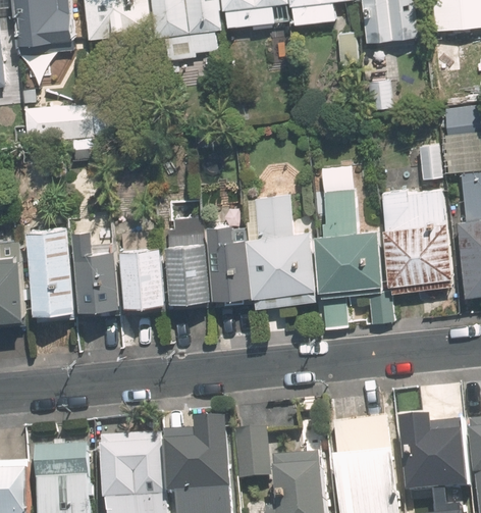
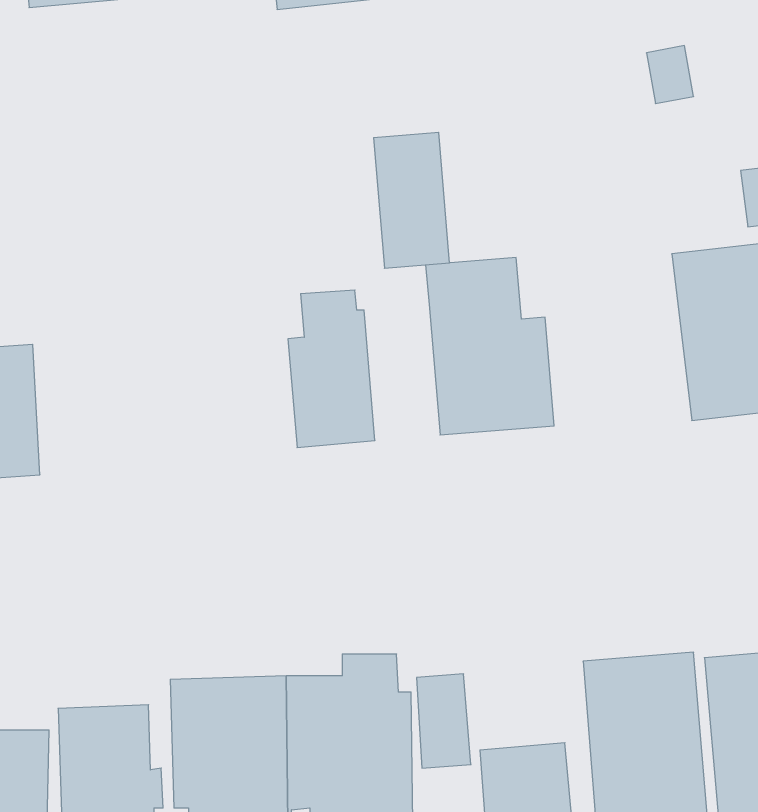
building: [315,165,383,290] -> none
building: [208,223,251,300] -> [374,132,450,268]
building: [28,229,72,314] -> none
building: [73,233,120,315] -> none
building: [121,245,167,307] -> none

